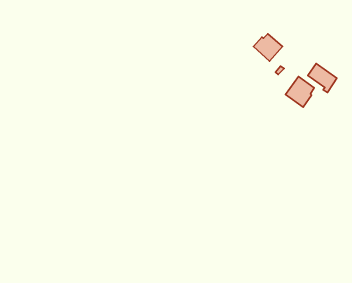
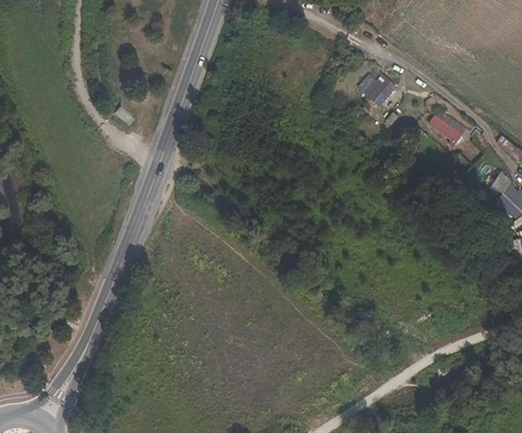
building: [285,77,314,107] -> none

